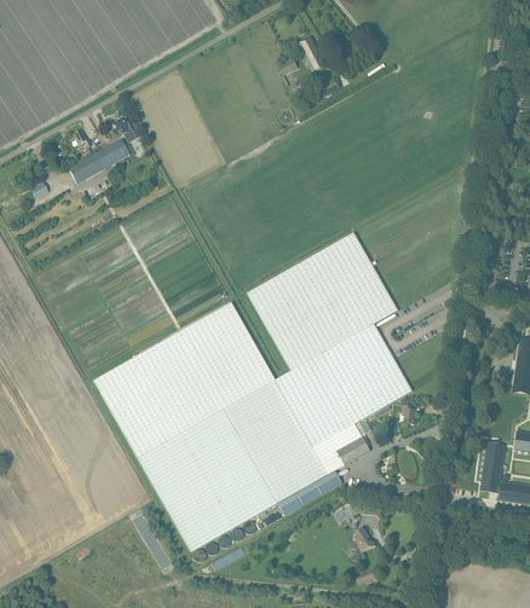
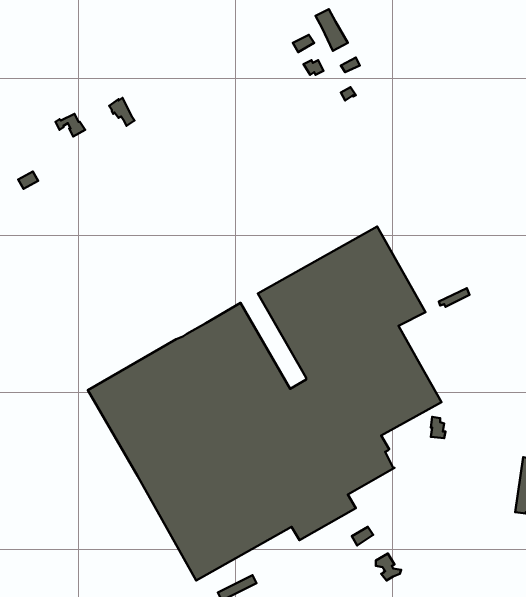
building: [69,138,129,184] -> none

